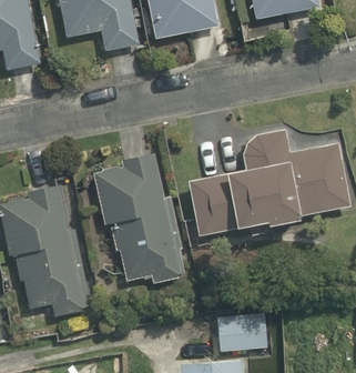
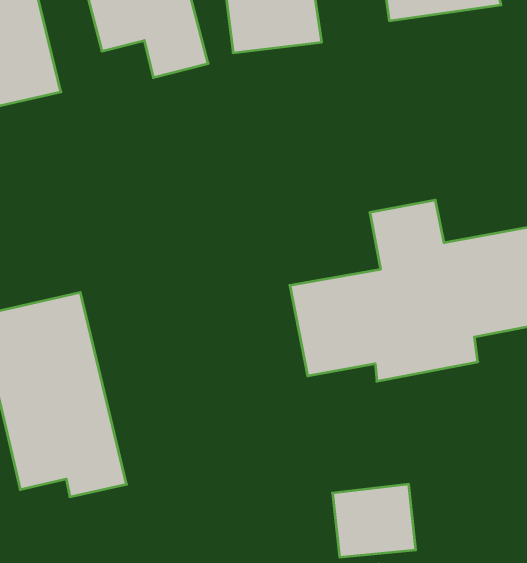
building: [91,154,189,285] -> none

